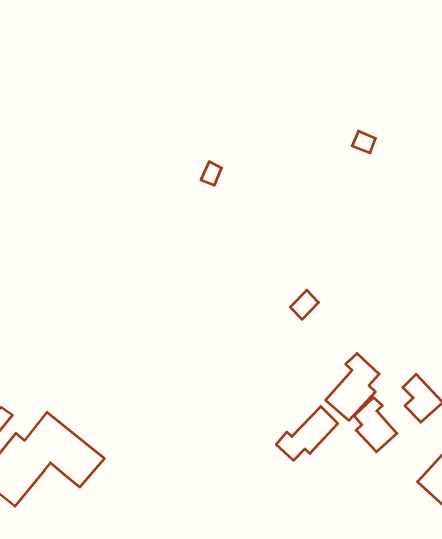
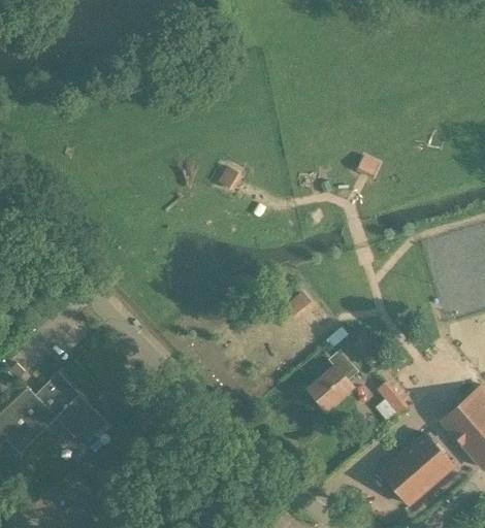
building: [354,398,397,452] -> none
building: [276,406,338,460] -> none

